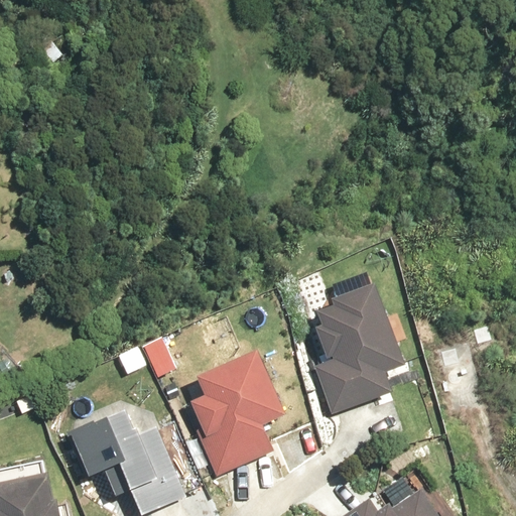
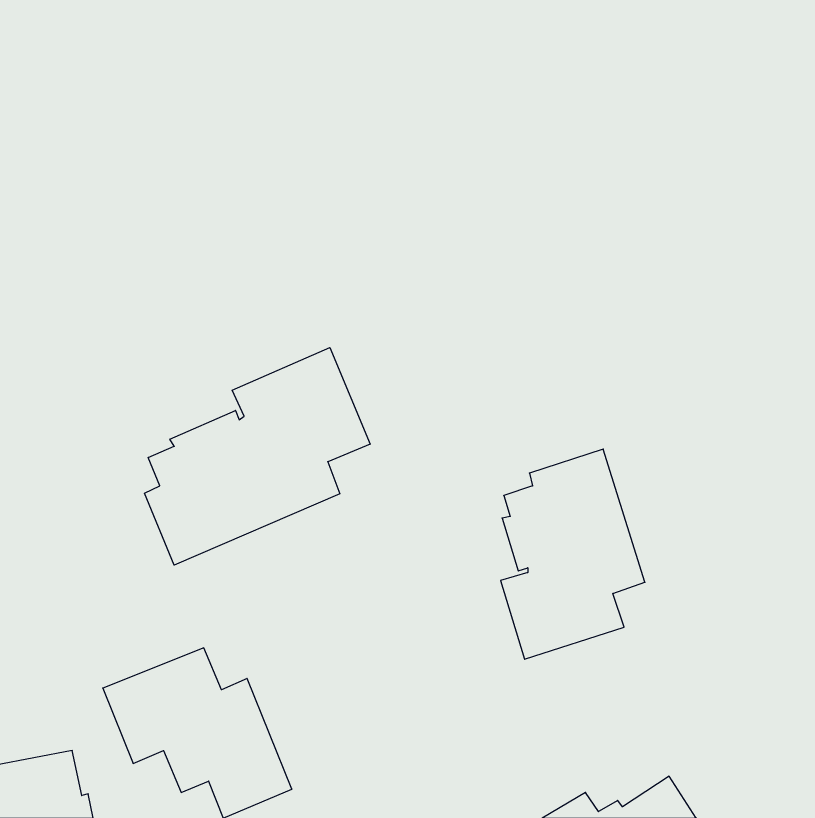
building: none -> [144,348,370,565]
building: [190,350,286,476] -> none

